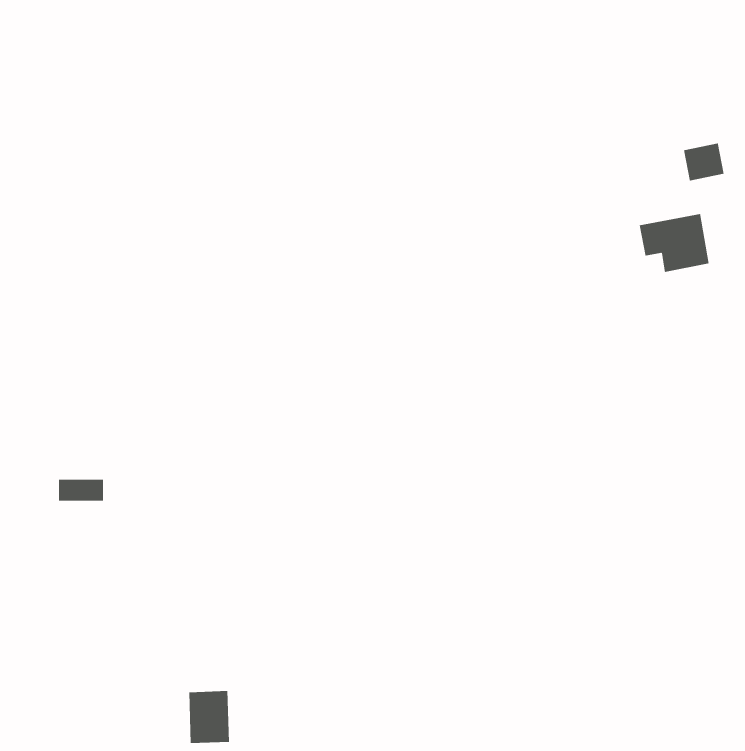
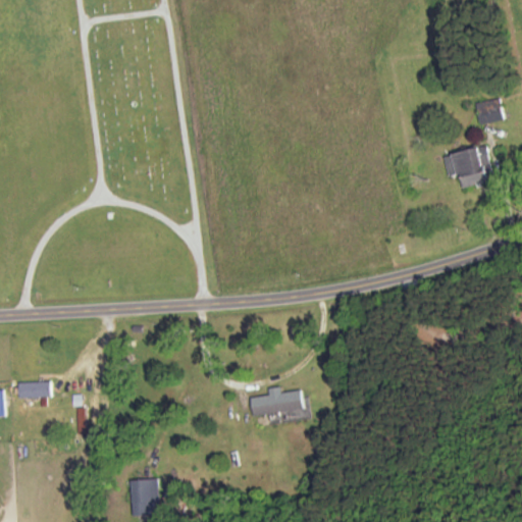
building: [58,479,104,501] -> [17,382,49,398]
building: none -> [251,386,303,415]

